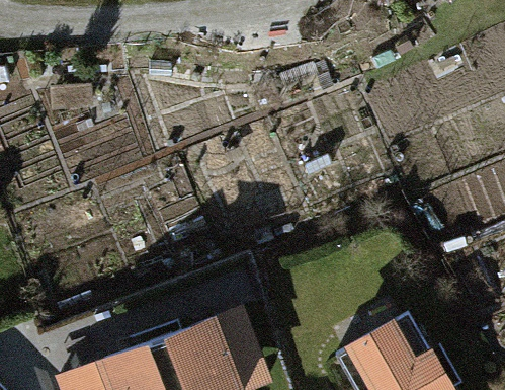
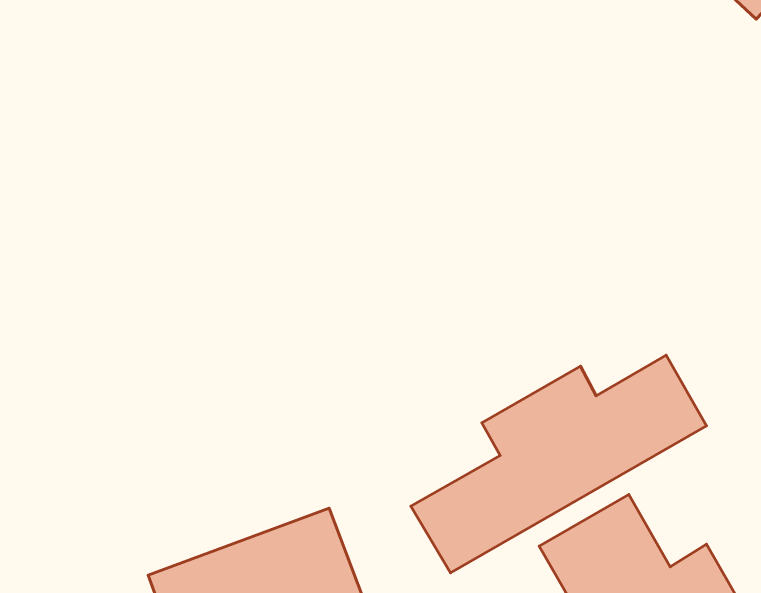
building: none -> [411,355,707,573]

